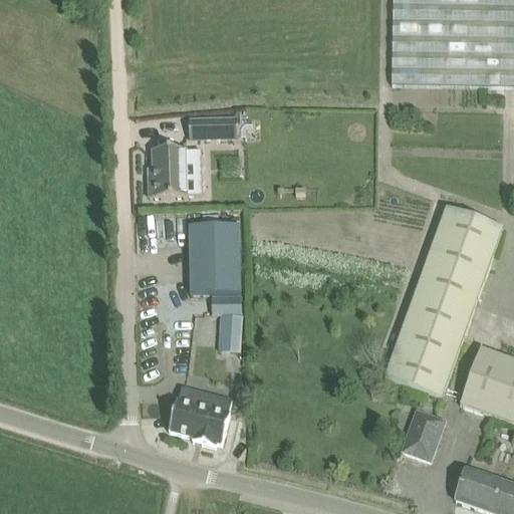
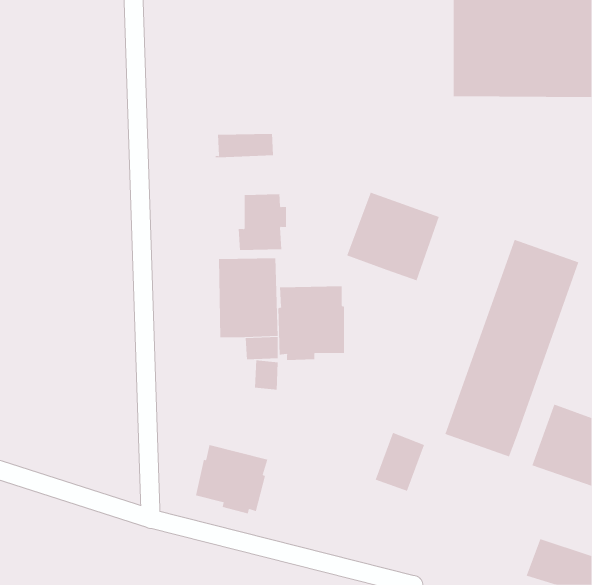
building: [148,140,190,195] -> [238,187,287,251]
building: none -> [347,192,439,281]
building: none -> [278,285,345,361]
building: [402,408,445,459] -> [375,432,425,491]

